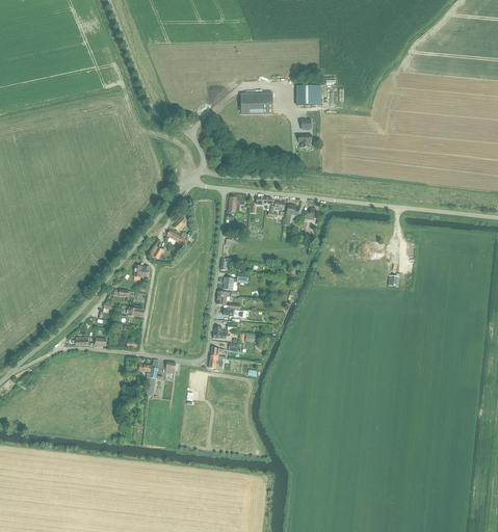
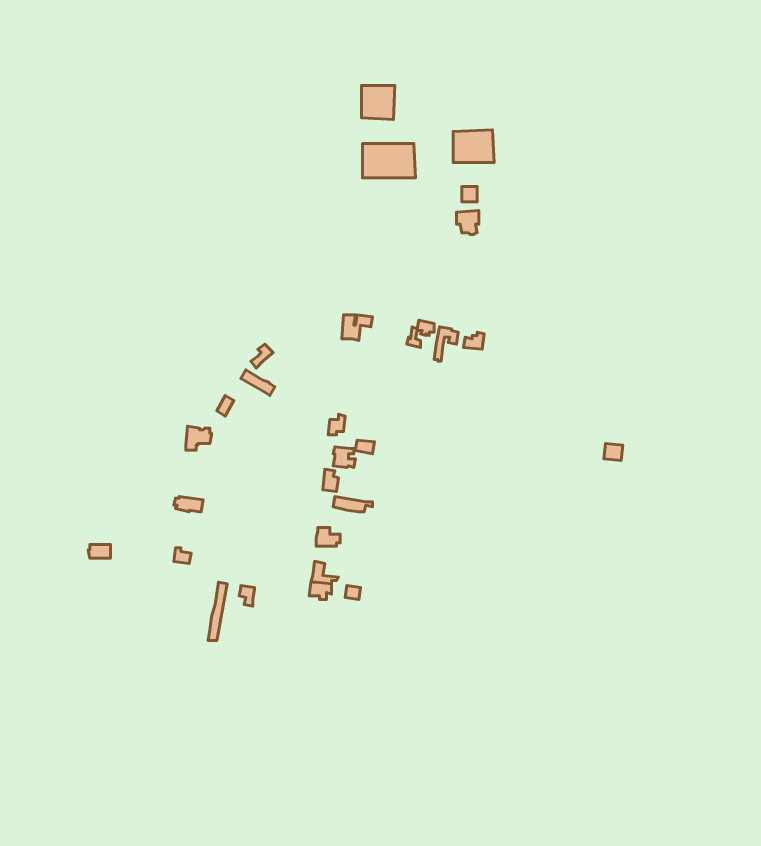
building: none -> [362,86,395,120]

